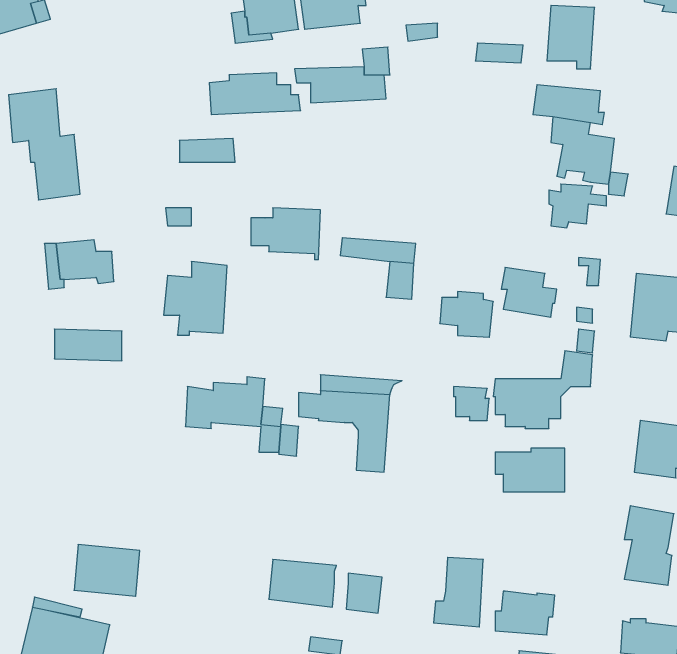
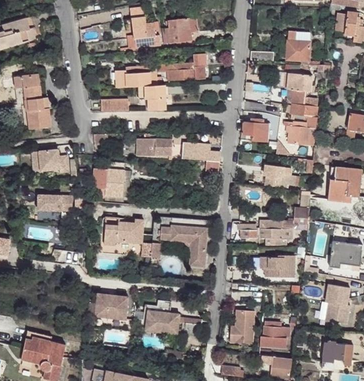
building: none -> [138,85,166,110]
building: [440,292,493,337] -> [242,119,269,142]
building: [74,545,140,596] -> [95,294,128,320]

